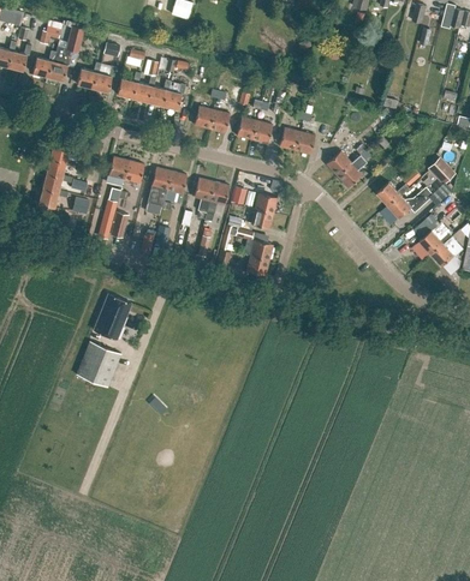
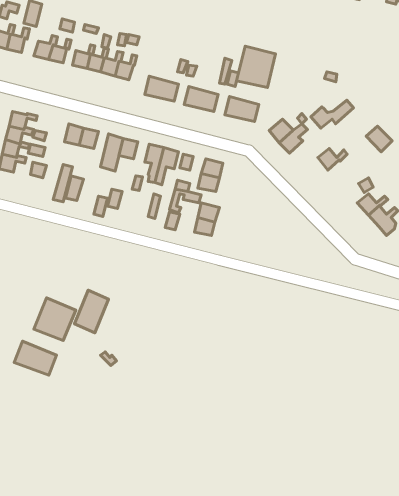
building: none -> [237,46,275,87]
building: [388,187,434,217] -> [311,100,354,128]
building: [94,294,130,340] -> [75,290,108,333]
building: none -> [14,341,56,375]

